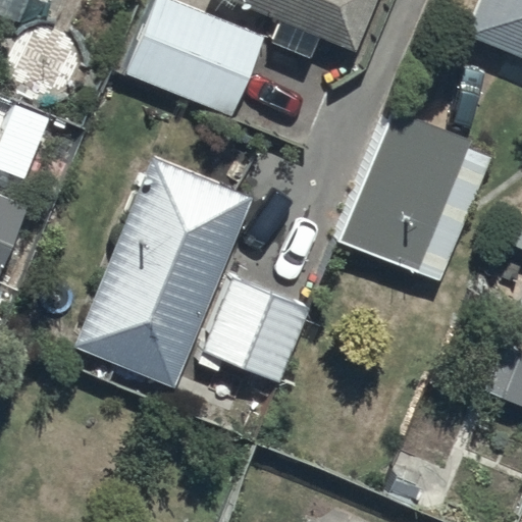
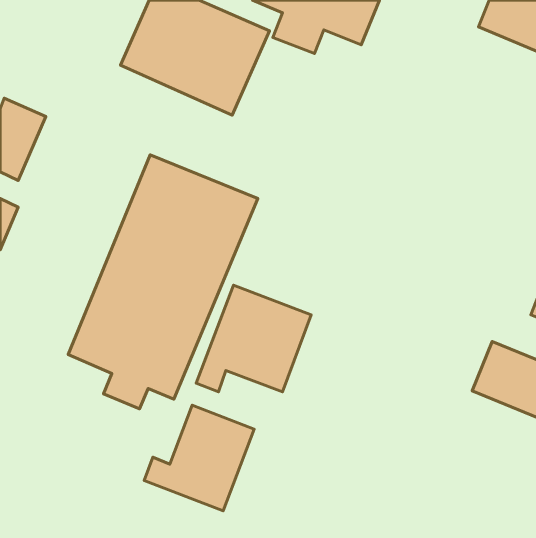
building: [337,106,492,282] -> none
building: none -> [144,405,254,511]

